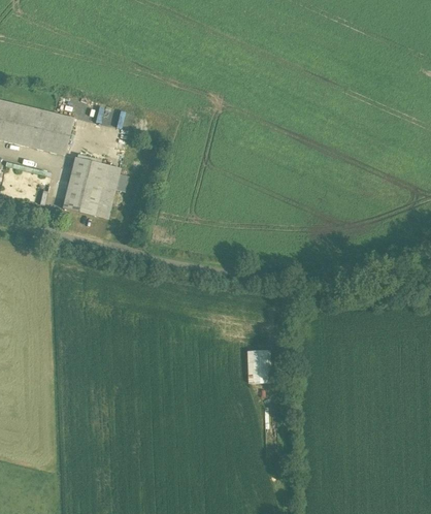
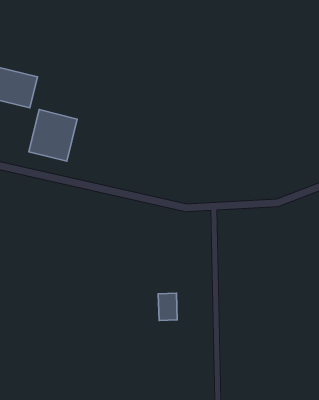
building: [248,350,271,383] -> [158,293,177,321]

